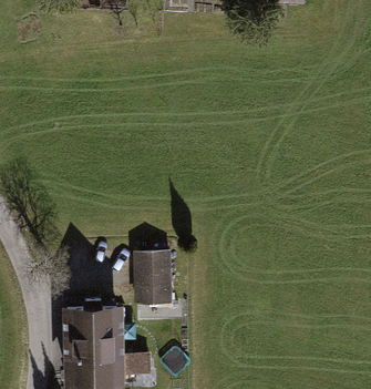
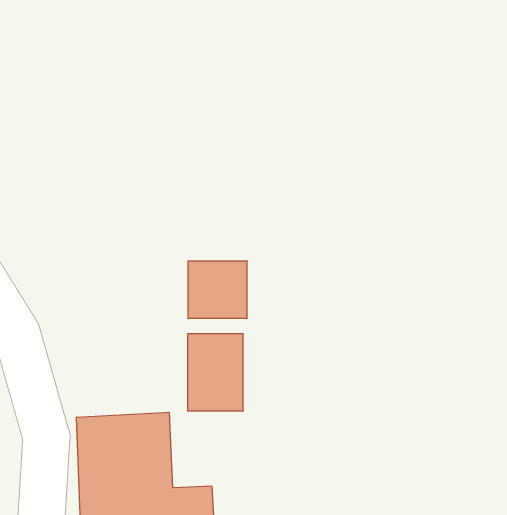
building: none -> [188,261,247,319]

